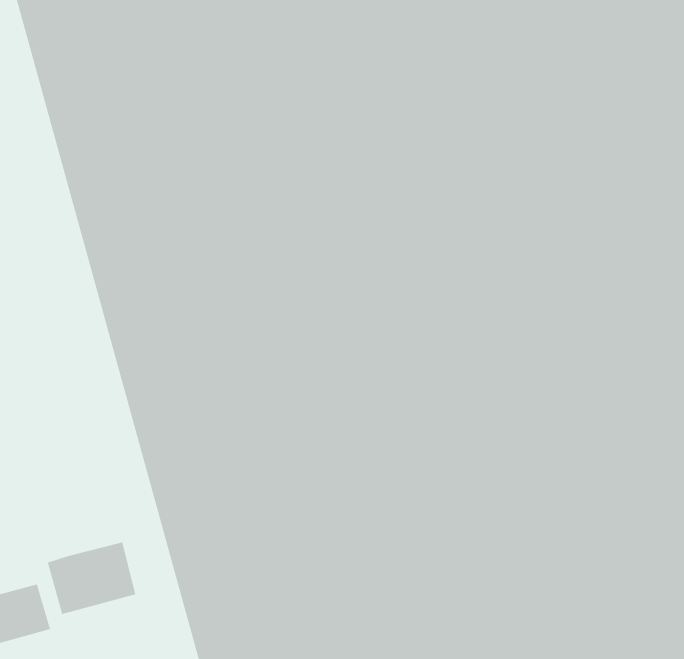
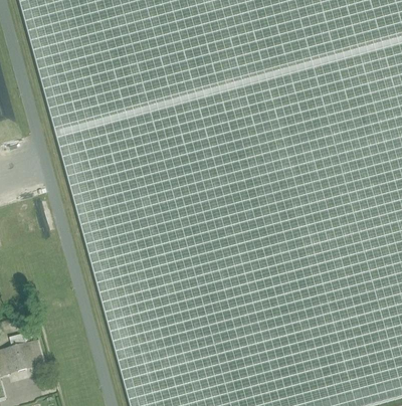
building: [47,541,136,615] -> none

